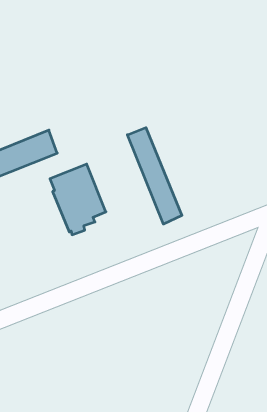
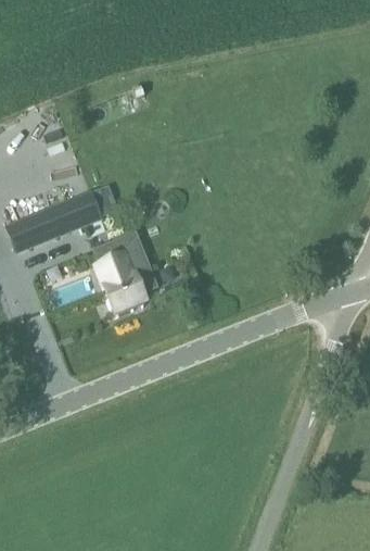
building: [127,128,182,224] -> none

